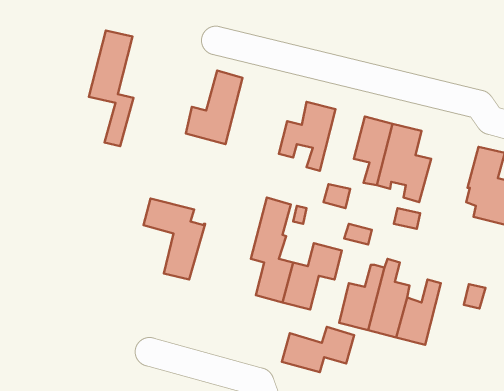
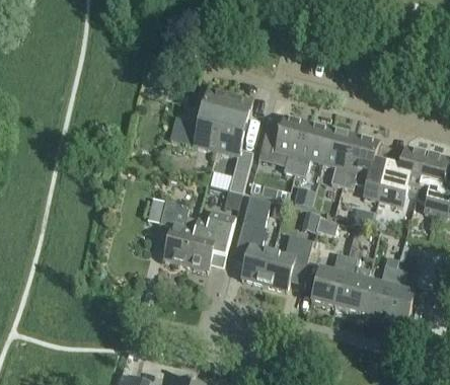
building: [89,30,134,146] -> [215,95,252,192]
building: none -> [294,122,331,176]
building: none -> [377,147,427,206]
building: none -> [184,212,235,271]
building: none -> [382,267,415,325]
building: [282,327,354,372] -> none

